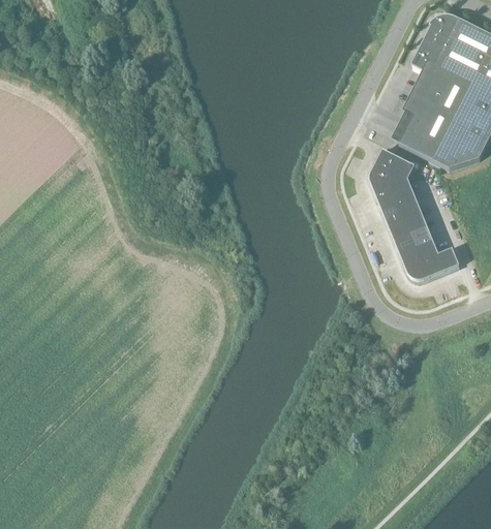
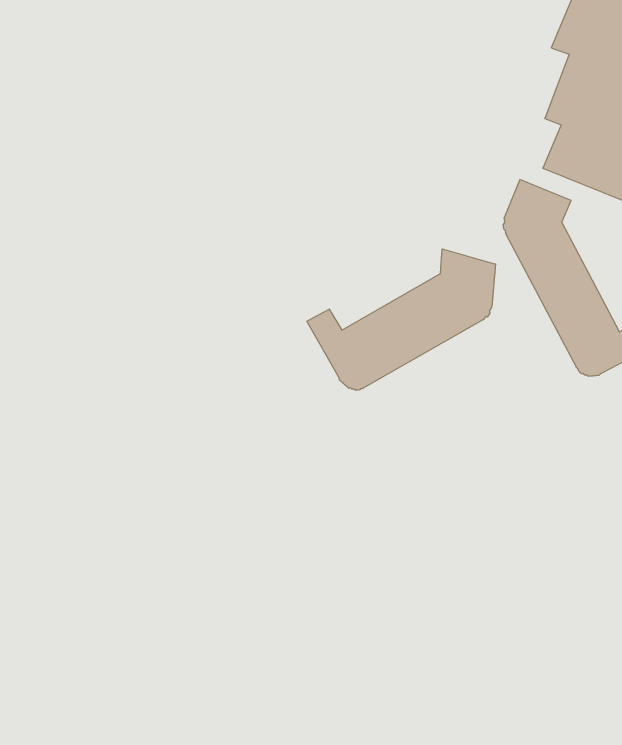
building: none -> [307,249,496,390]

